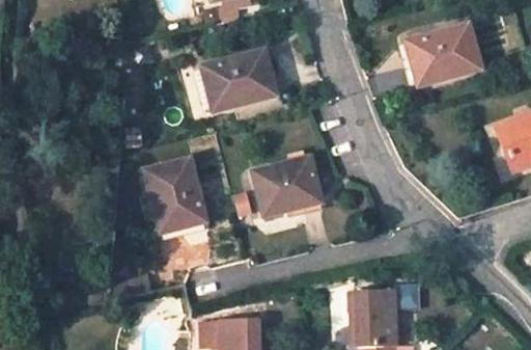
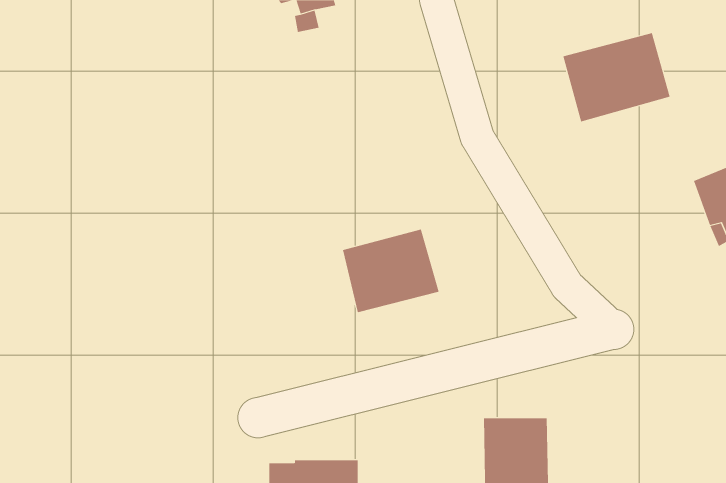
building: [201,50,275,112] -> none
building: [145,159,204,234] -> none

